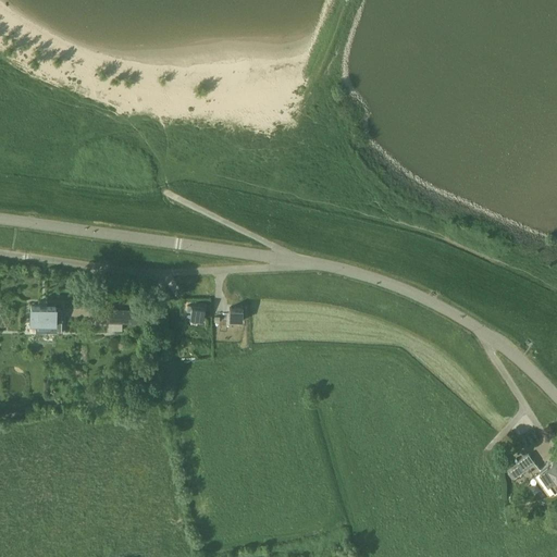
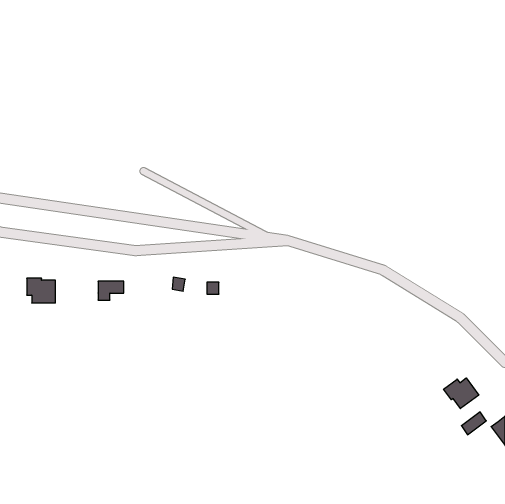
building: none -> [444,378,479,409]

